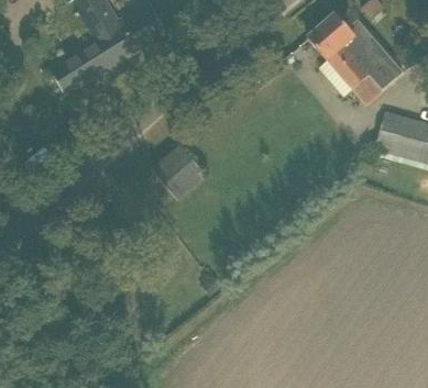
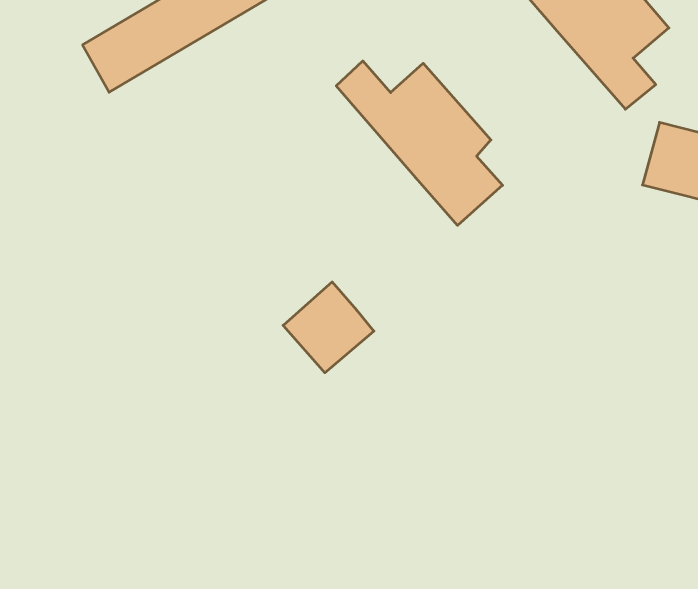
building: none -> [336,61,503,225]
building: [154,146,207,199] -> [283,282,374,373]

